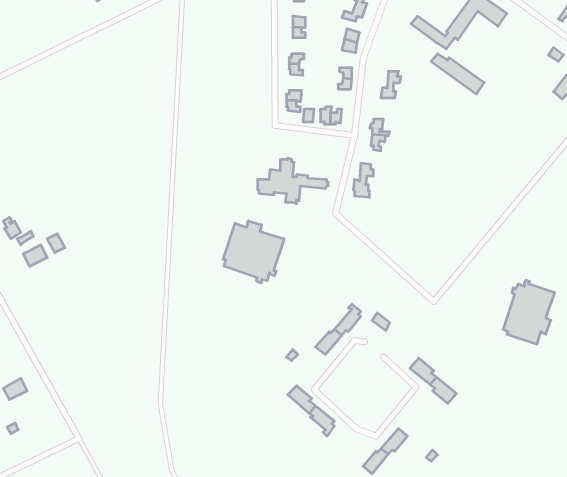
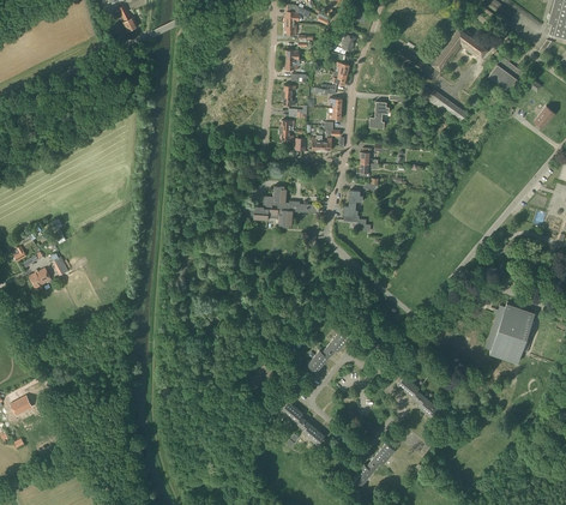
building: none -> [488,56,523,91]
building: [223,221,284,283] -> none

